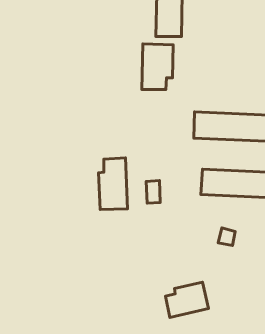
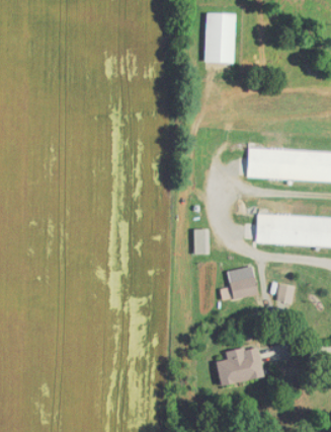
building: [142,44,173,89] -> none
building: [98,158,128,210] -> none
building: none -> [220,265,258,300]

